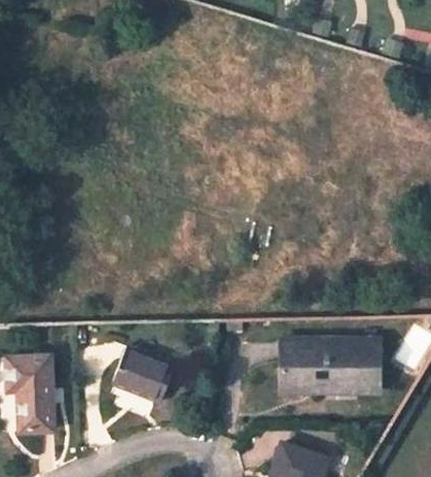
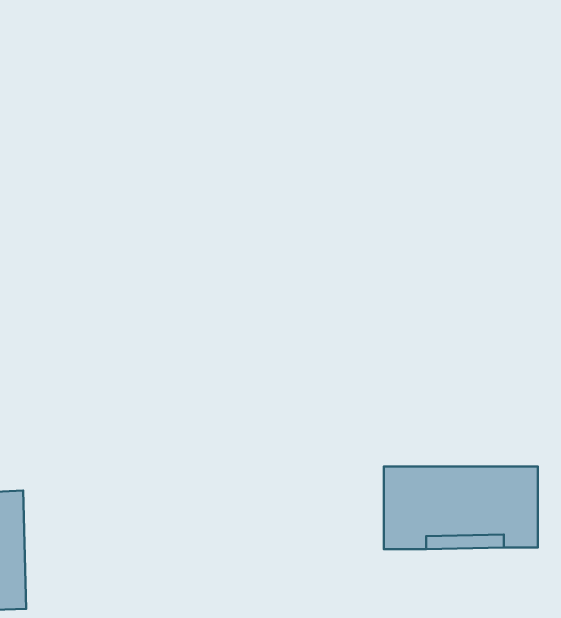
building: [114,346,177,401] -> none

